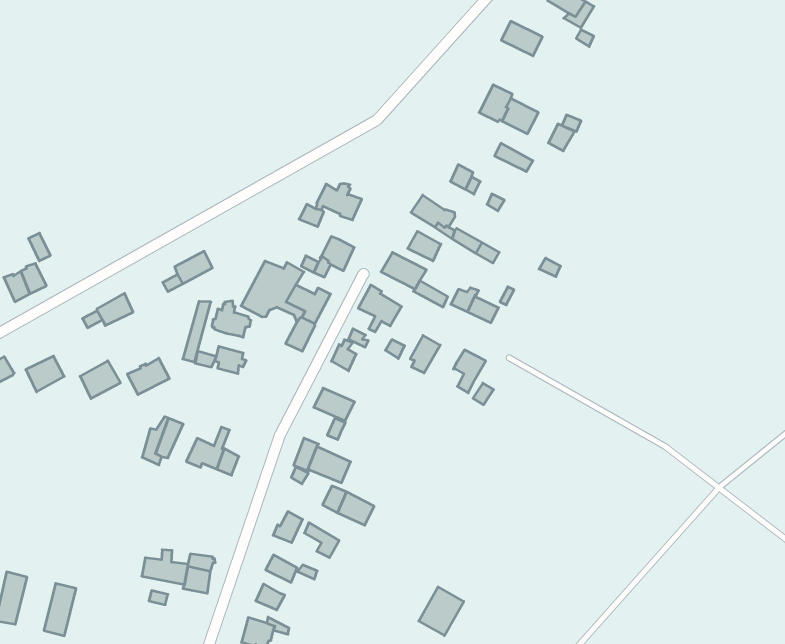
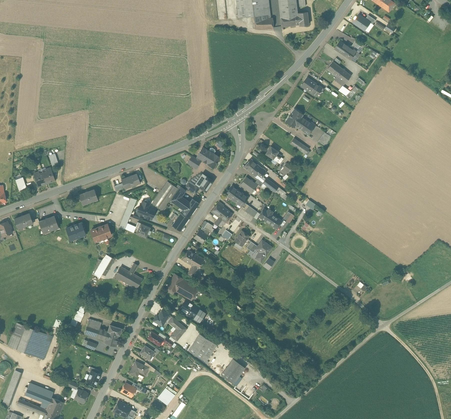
building: none -> [188,334,217,362]
building: none -> [17,326,40,354]

